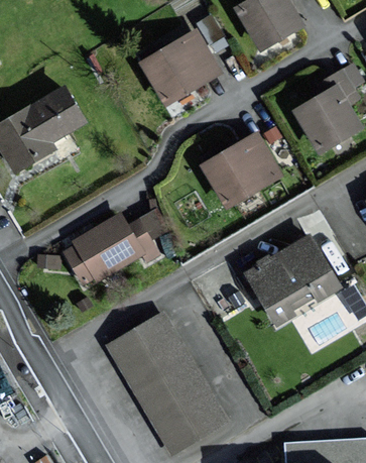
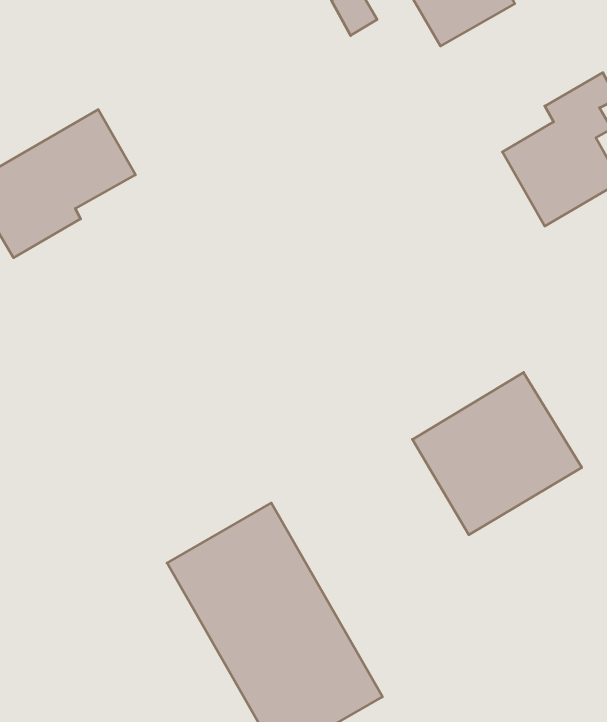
building: [141,29,221,103] -> none
building: [205,133,281,205] -> none
building: [62,210,166,286] -> none

